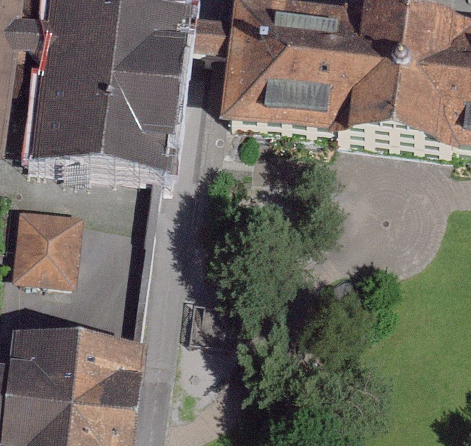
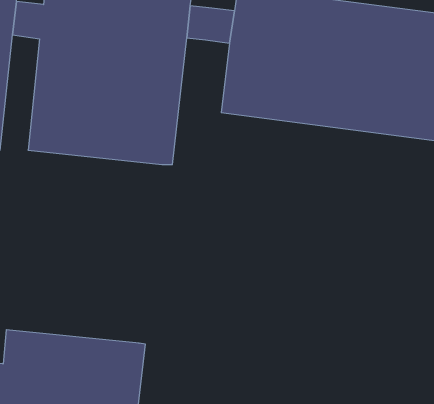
building: [9,206,81,284] -> none

